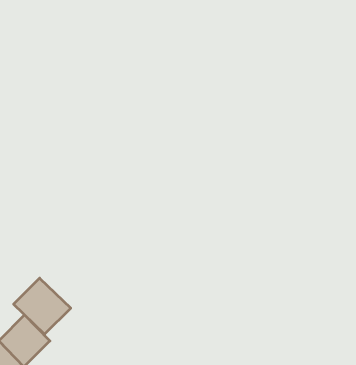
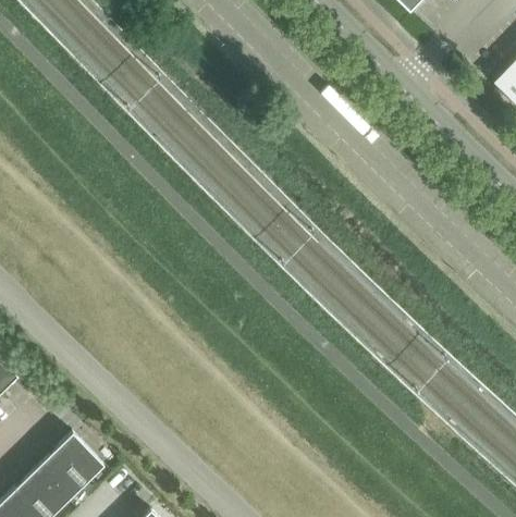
building: [14,278,71,334] -> none

